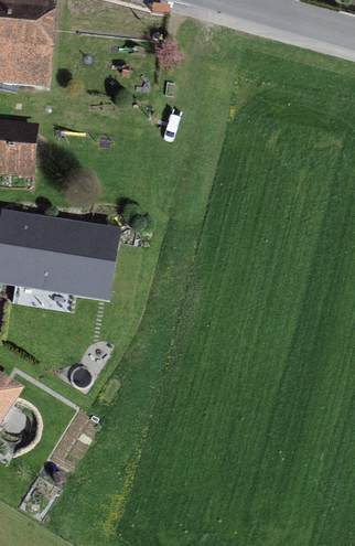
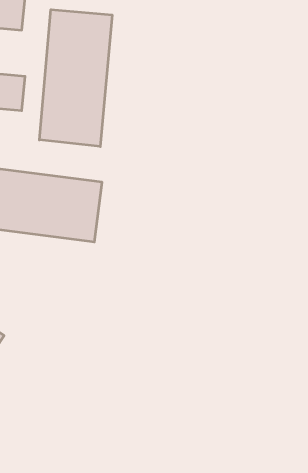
building: none -> [39,10,112,147]

